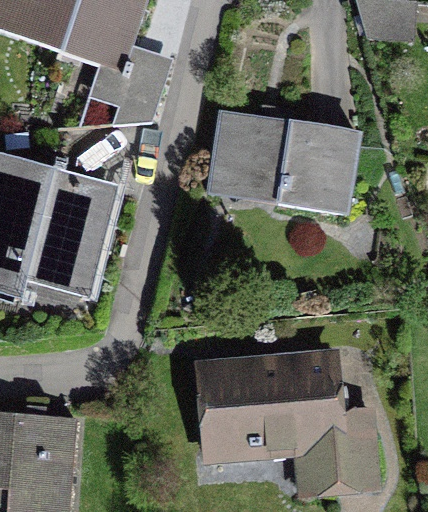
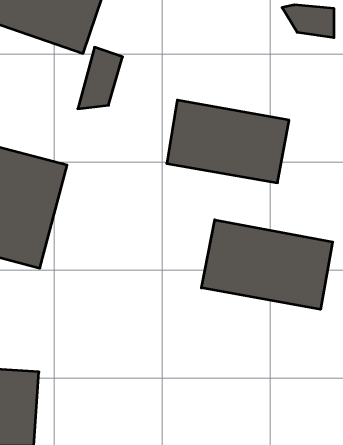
building: none -> [201,220,333,309]
building: [206,364,373,485] -> none

